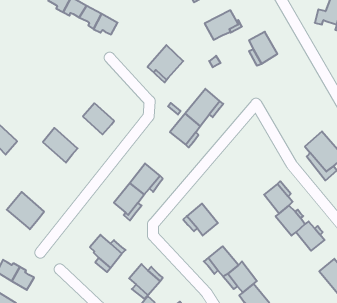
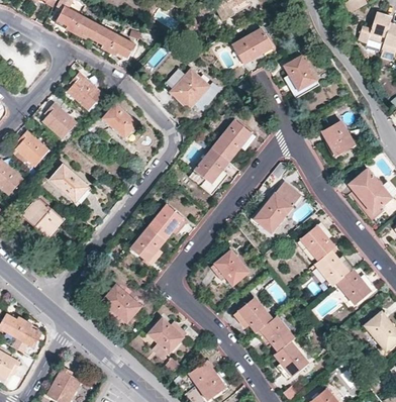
building: none -> [70,75,102,108]
building: none -> [43,101,76,136]
building: none -> [321,120,355,156]
building: none -> [15,131,48,166]
building: [83,103,114,134] -> [101,103,136,138]
building: none -> [254,182,300,233]
building: [7,192,44,229] -> [21,196,64,238]

